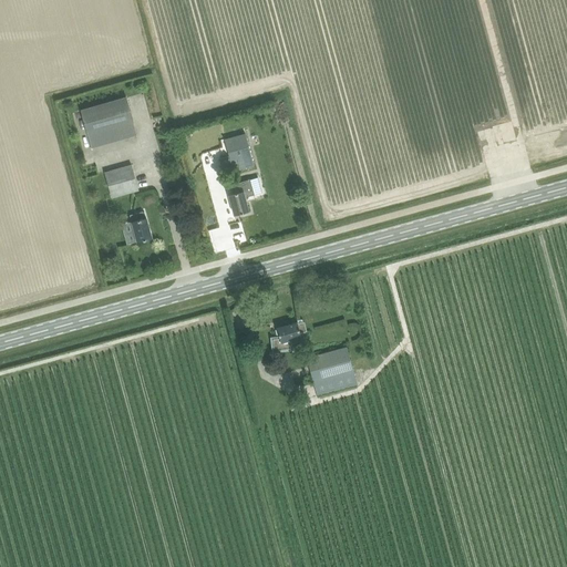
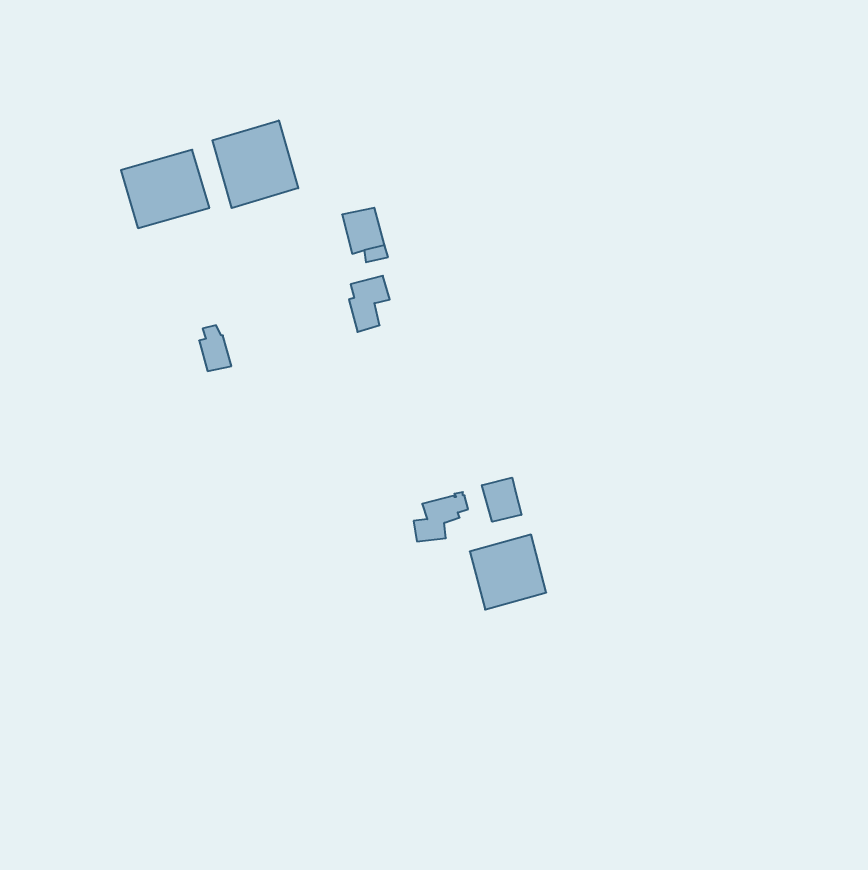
building: none -> [212,120,298,208]
building: [103,165,137,198] -> none
building: none -> [482,478,521,522]

